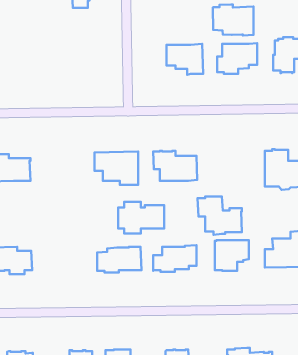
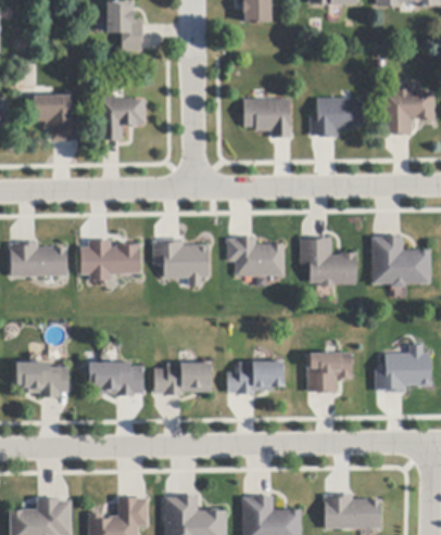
building: [213,4,254,36] -> none
building: none -> [34,94,83,140]
building: none -> [100,95,146,140]
building: [198,196,242,235] -> [300,237,357,286]
building: [118,202,164,233] -> [81,239,141,280]
building: none -> [89,361,143,396]

